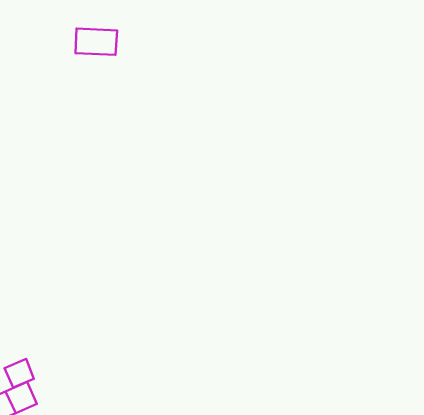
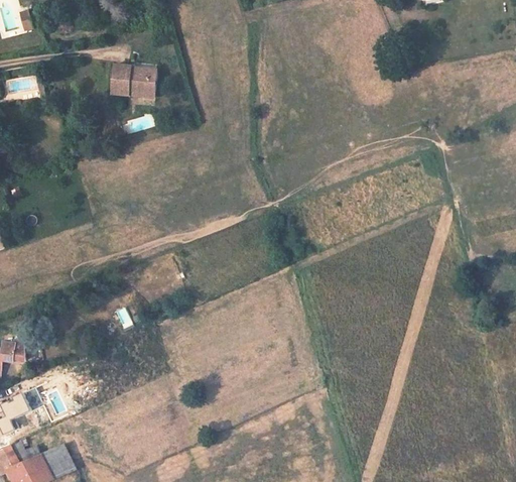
building: [5,359,34,388] -> none

